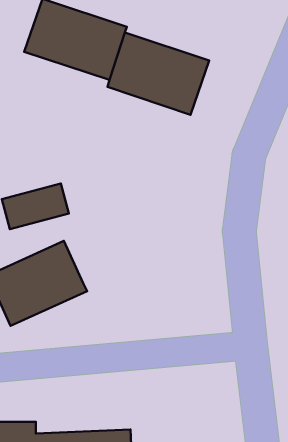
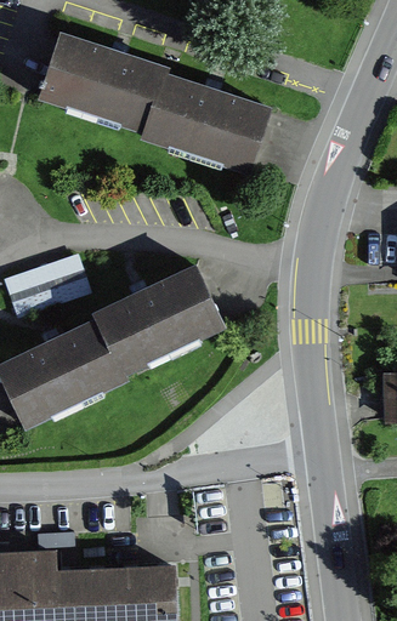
building: none -> [84,267,223,378]

